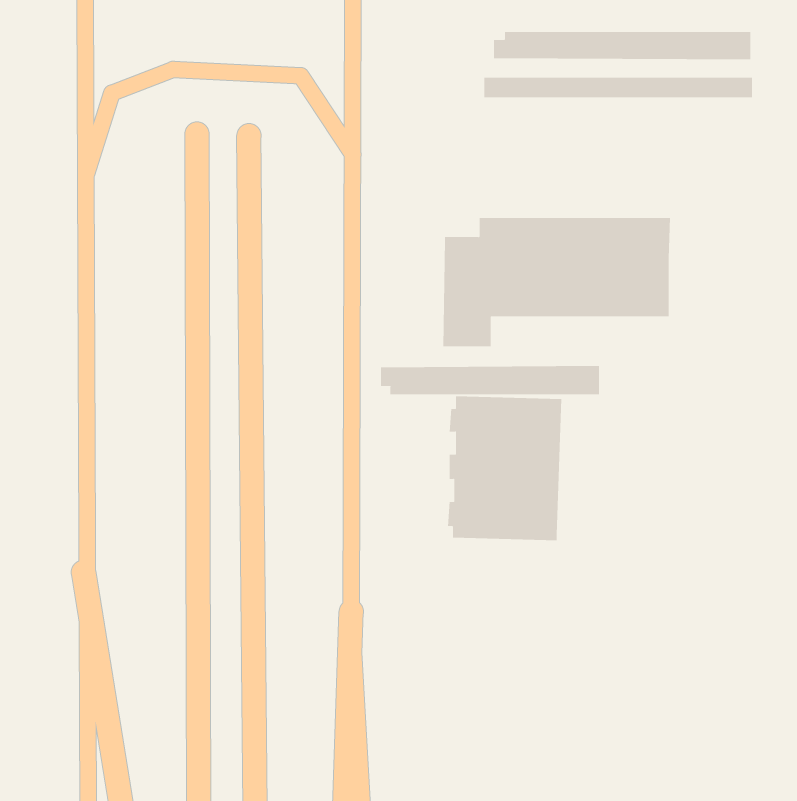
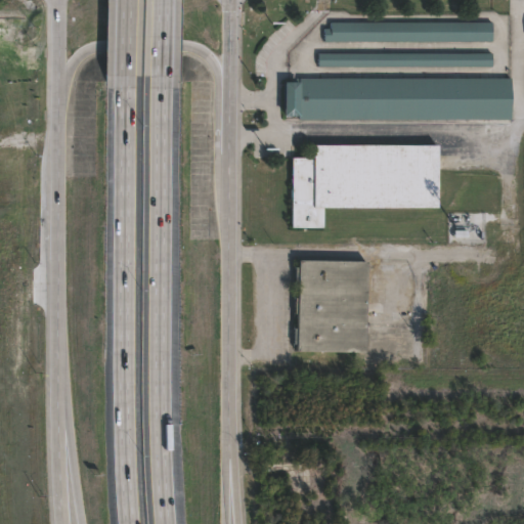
building: none -> [287,78,514,119]
building: [380,365,600,395] -> none

